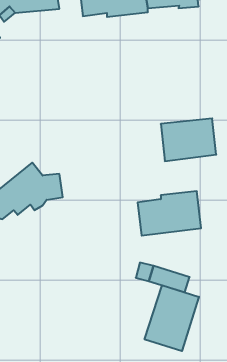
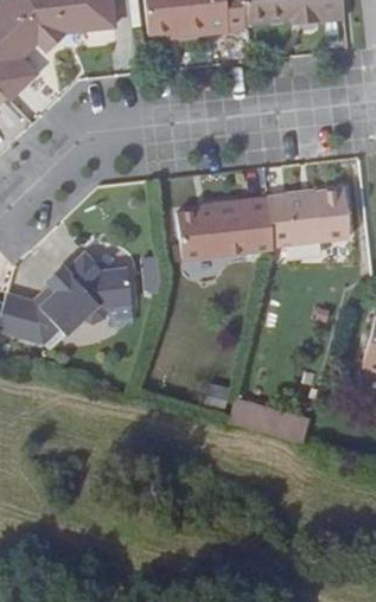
building: [138,191,201,236] -> [185,196,279,261]
building: [145,285,199,351] -> none

